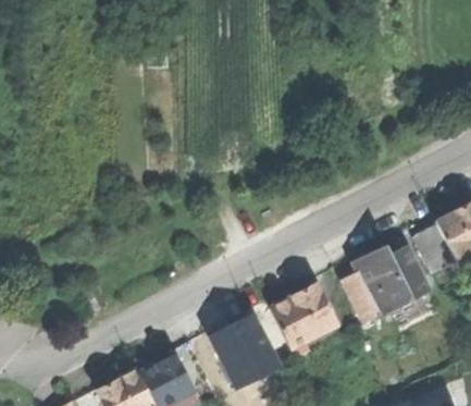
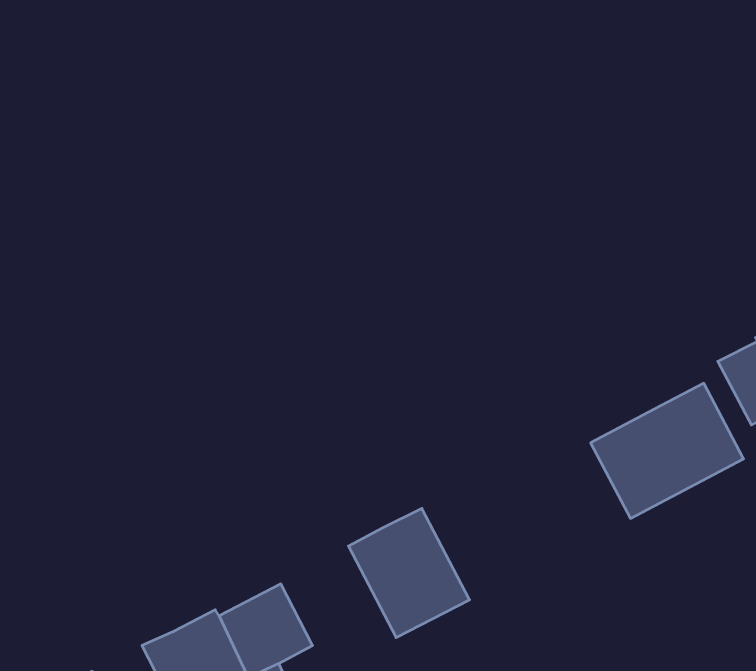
building: [269,284,335,346] -> none

